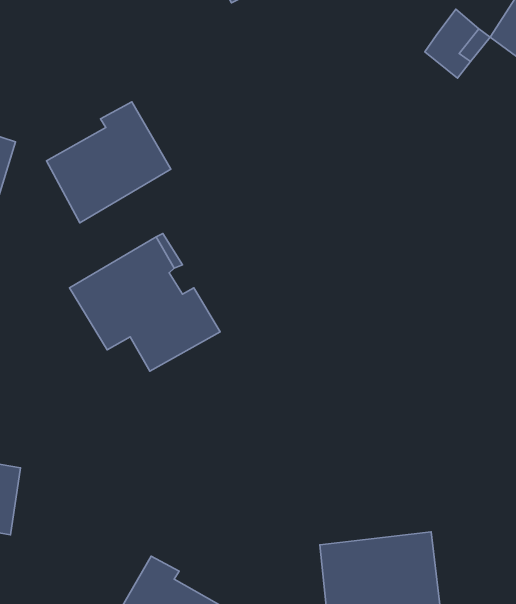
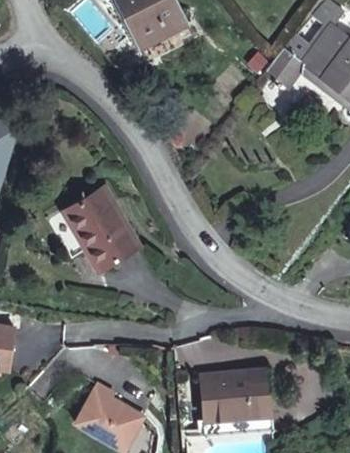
building: [46,102,171,223] -> none

